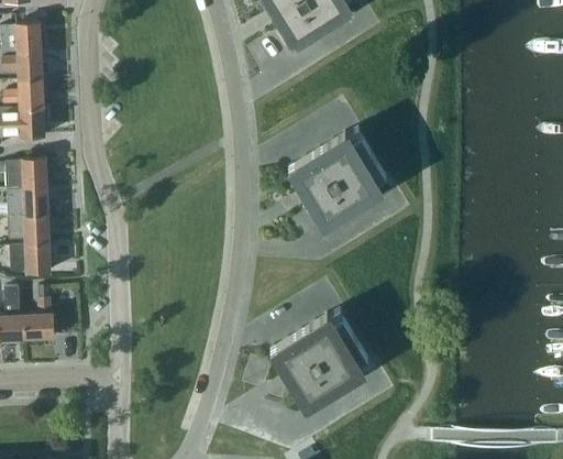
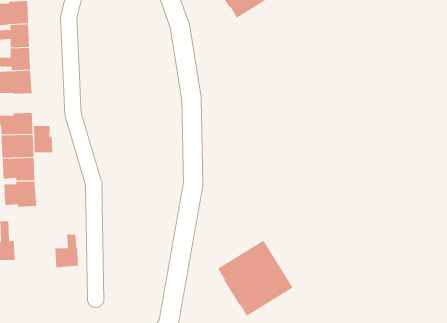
building: [288,134,380,227] -> none
building: none -> [33,125,53,153]
building: [23,299,53,340] -> [54,234,79,268]

